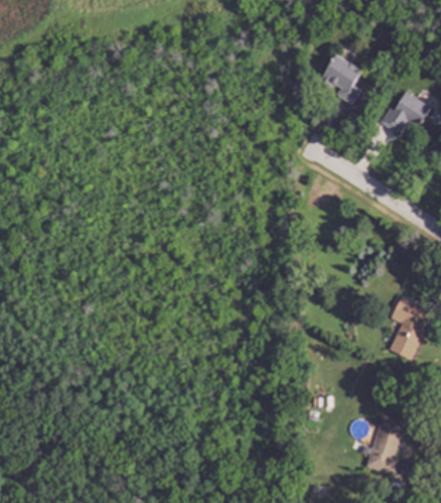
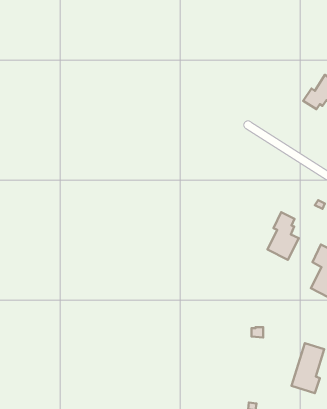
building: [319,54,361,104] -> none
building: none -> [267,212,299,260]

